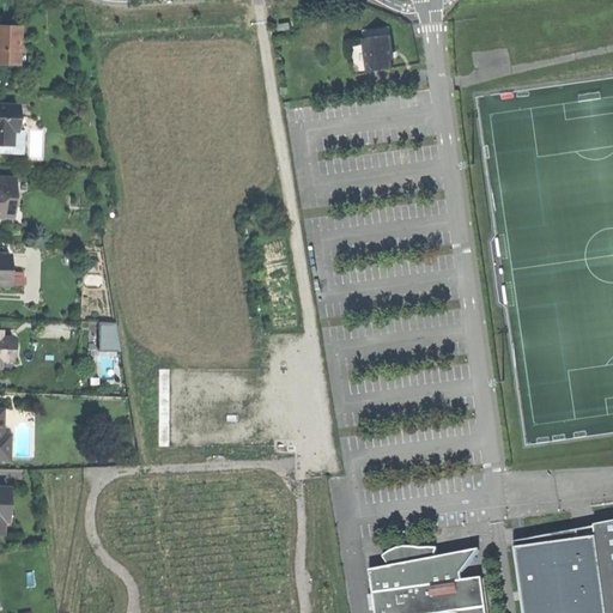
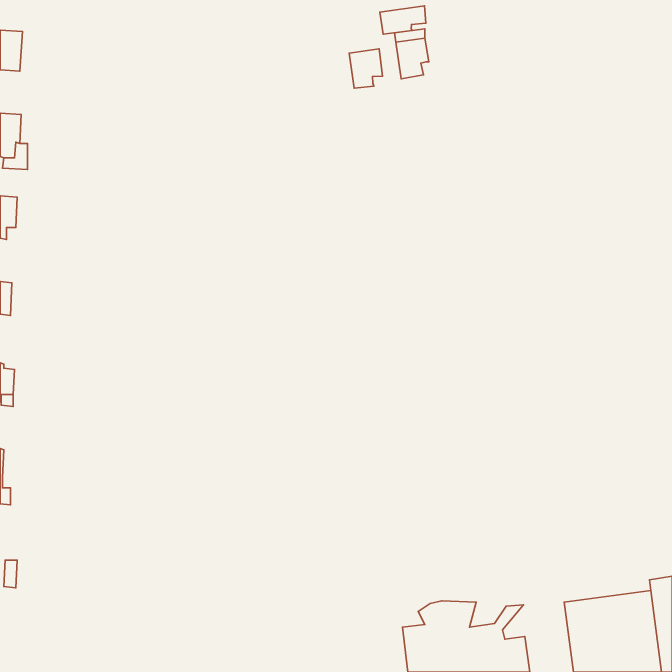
building: none -> [380,6,426,34]
building: none -> [349,49,382,88]
building: [98,322,120,351] -> none

